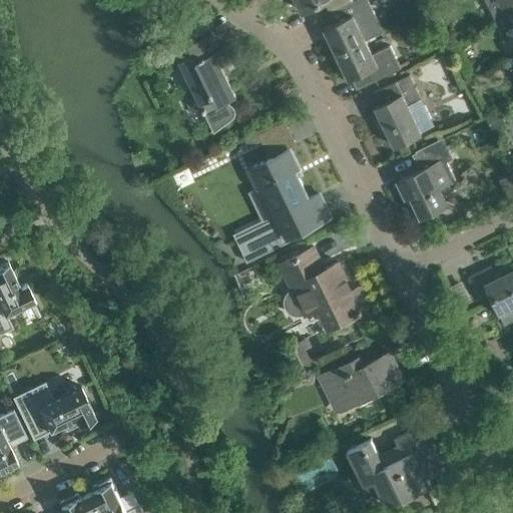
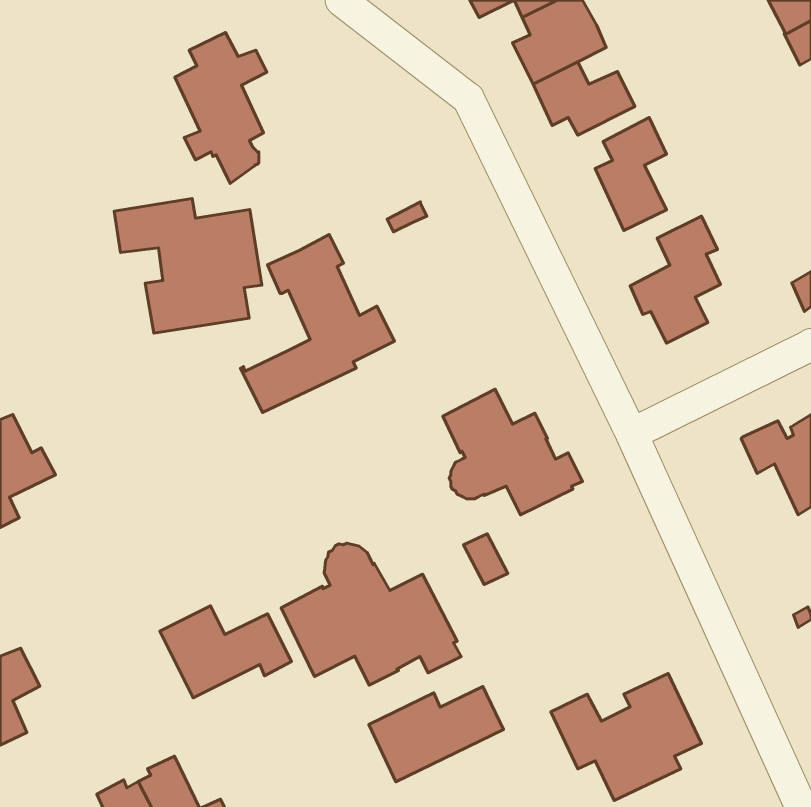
building: [179,36,237,131] -> [175,33,267,184]
building: none -> [114,199,262,333]
building: [232,151,330,264] -> [240,235,394,413]
building: none -> [281,543,461,685]
building: [318,354,403,414] -> [369,687,504,782]
building: [12,384,95,442] -> [160,606,291,698]

